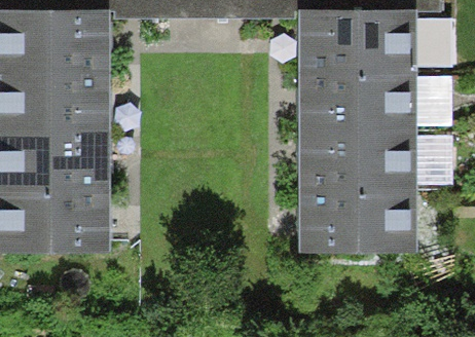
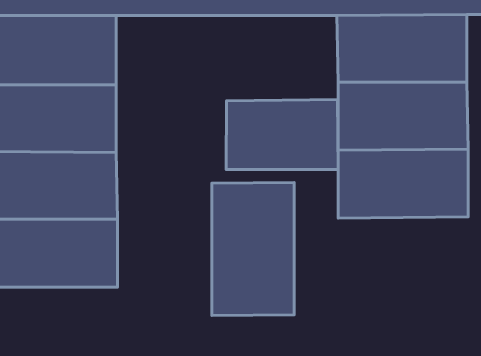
building: none -> [226,99,338,169]
building: none -> [212,182,294,316]
building: [301,188,413,247] -> none

